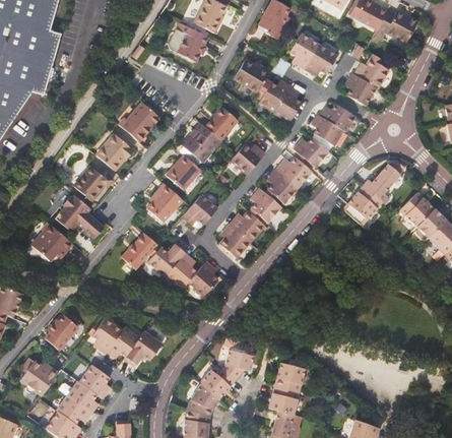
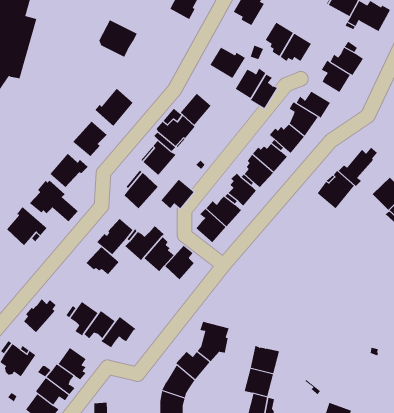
building: [169,22,208,61] -> [99,20,138,58]
building: [231,144,266,176] -> none
building: none -> [86,246,119,275]

